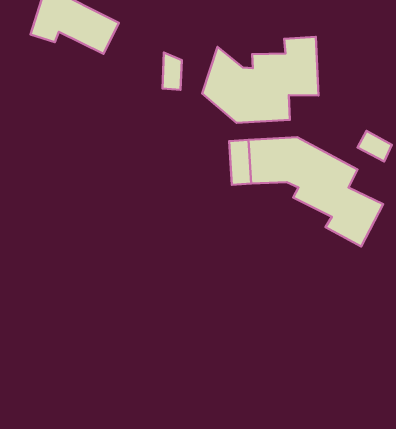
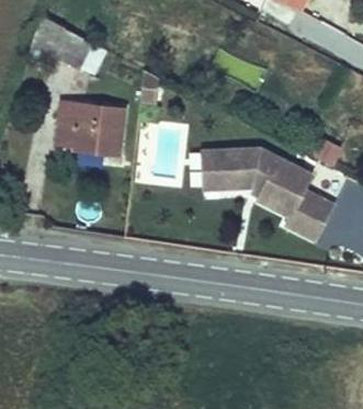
building: [202,37,319,123] -> none
building: none -> [58,103,123,152]

